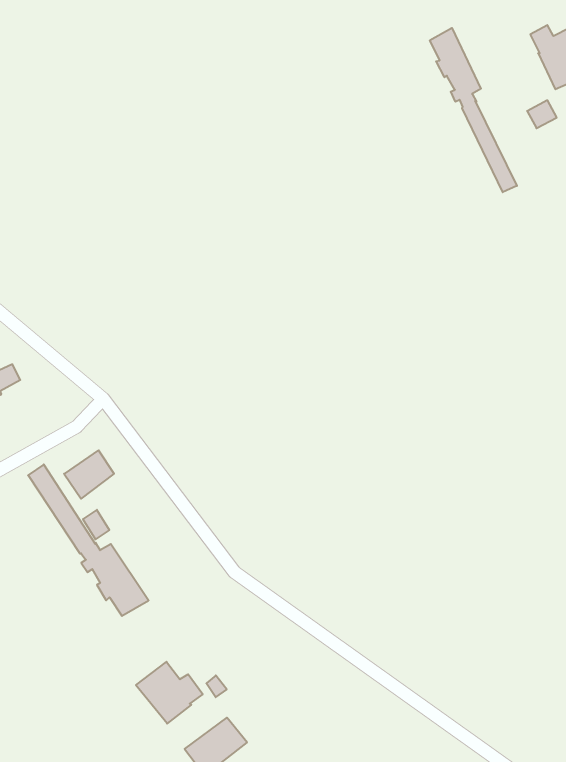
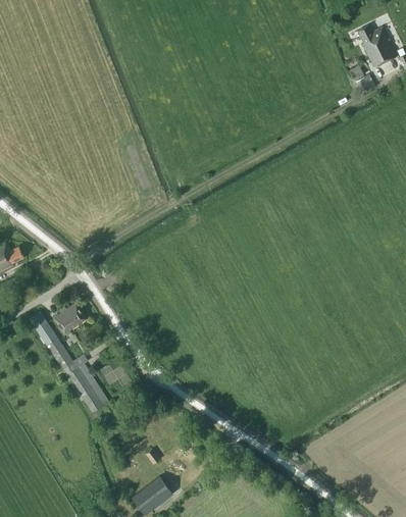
building: [430,28,517,192] -> none
building: [136,662,203,724] -> none

